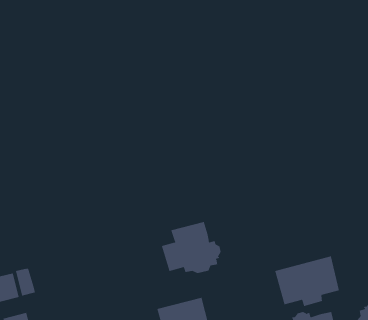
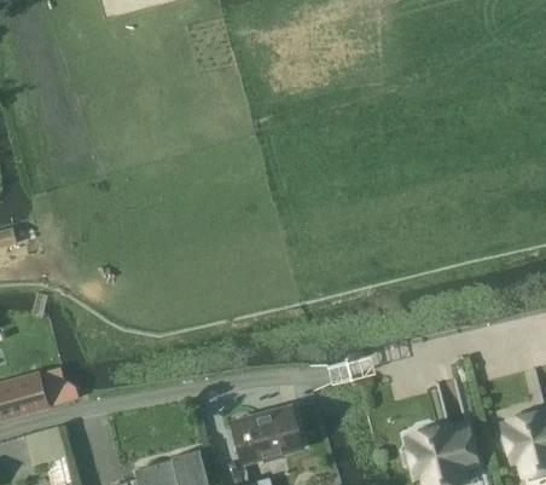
building: [161,221,221,274] -> none
building: [275,255,340,307] -> none

